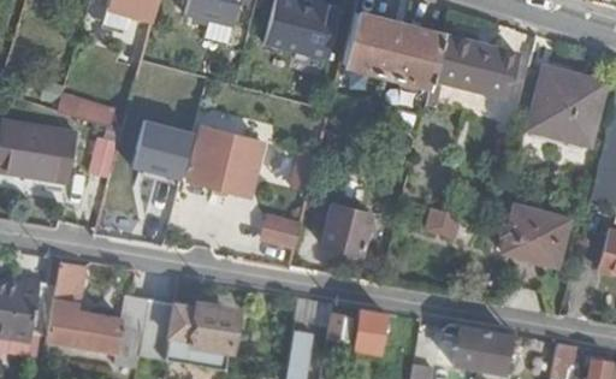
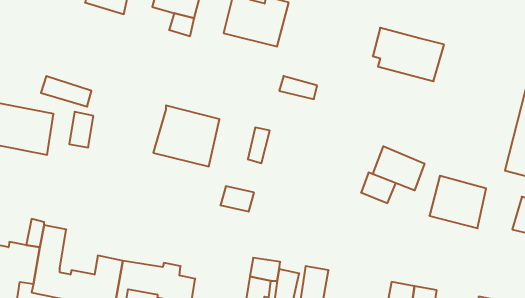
building: [342,13,445,88] -> none
building: [527,71,603,144] -> none
building: [130,116,200,180] -> none
building: none -> [373,146,424,190]
building: [321,205,372,254] -> none

